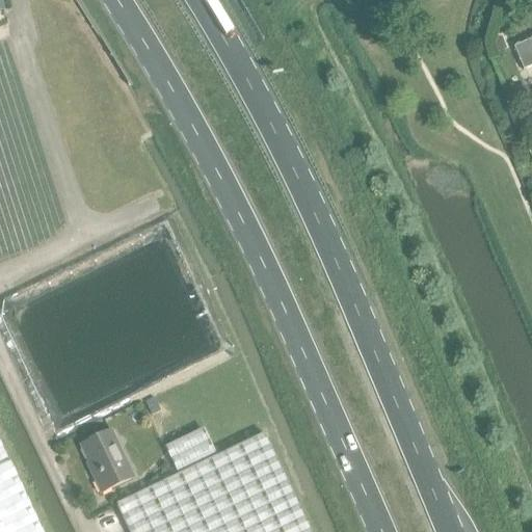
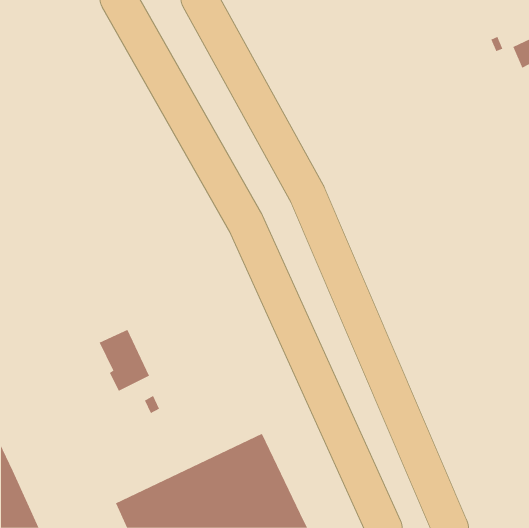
building: [165,429,215,471] -> none
building: [82,431,133,494] -> [99,329,150,391]

